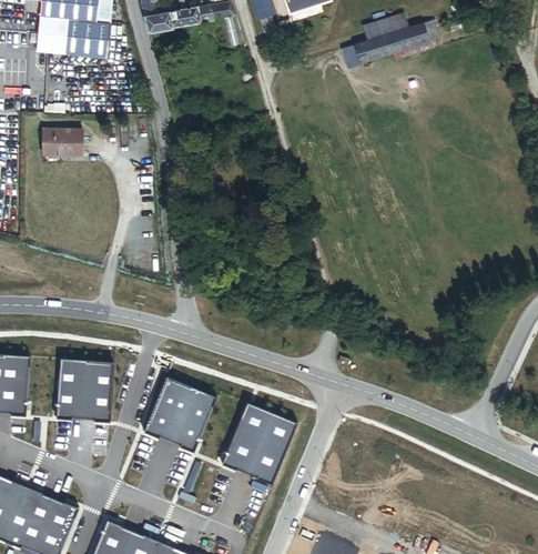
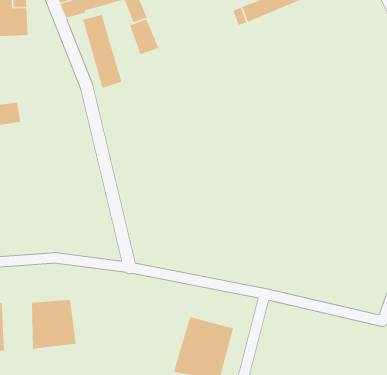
building: none -> [83,14,122,88]
building: none -> [129,19,159,55]
building: [140,373,217,456] -> none

